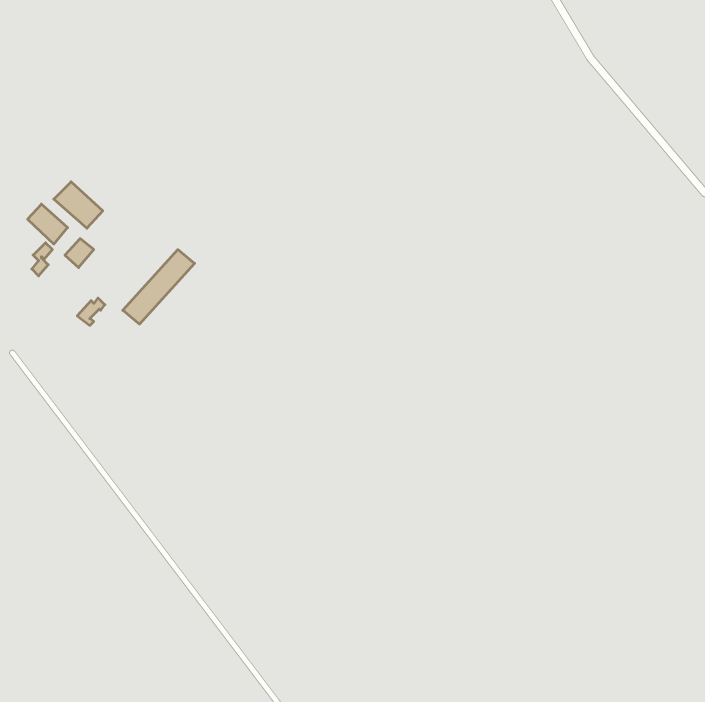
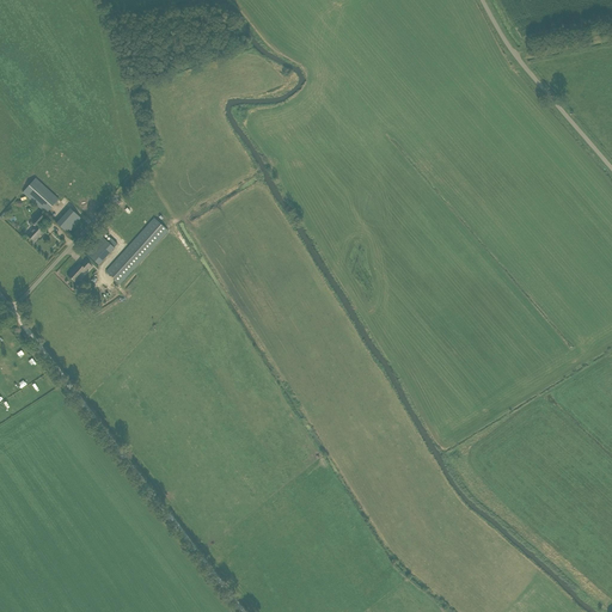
building: [54,182,103,228] -> none

